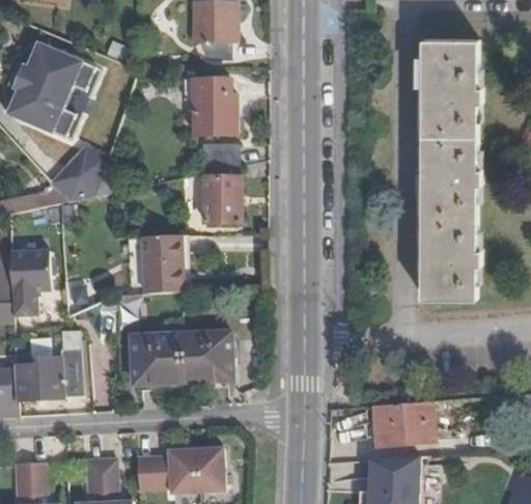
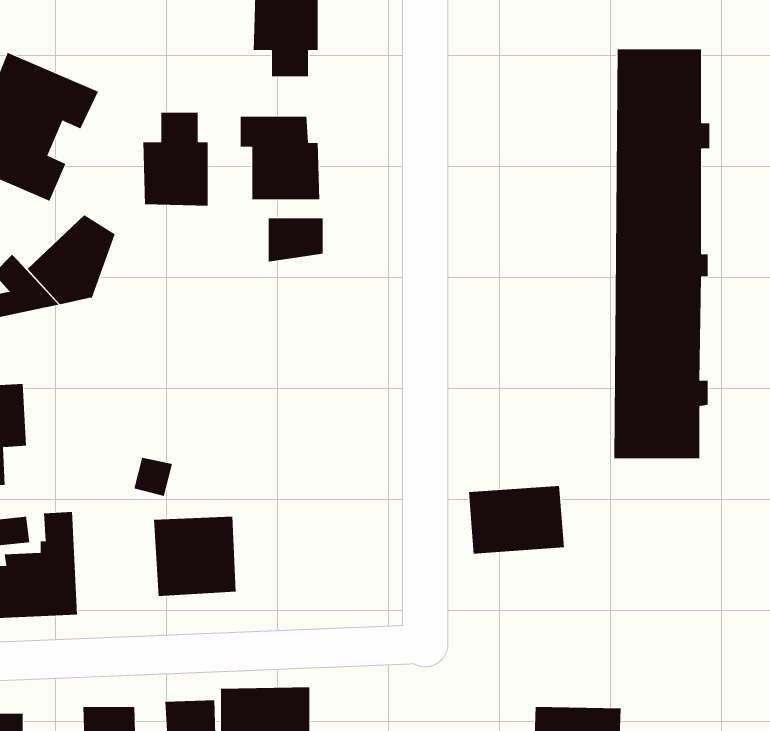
building: none -> [143,112,208,207]
building: [201,179,240,225] -> none
building: [143,245,191,303] -> none
building: [179,334,229,384] -> none
building: [372,403,434,447] -> [468,485,565,554]

